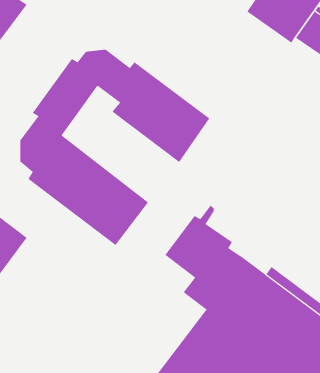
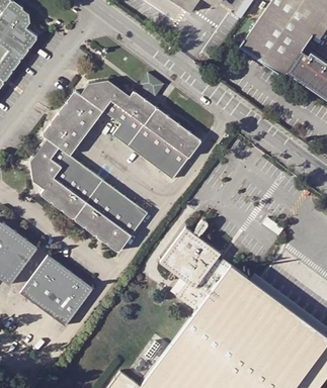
building: none -> [22,255,96,327]

